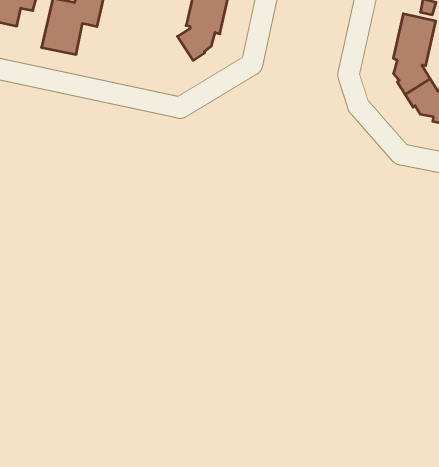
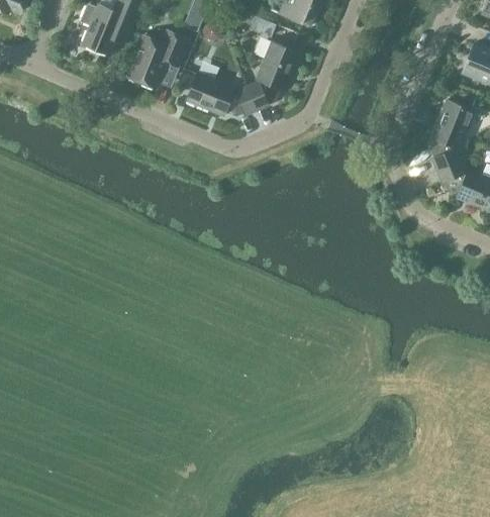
building: none -> [186,72,257,116]

